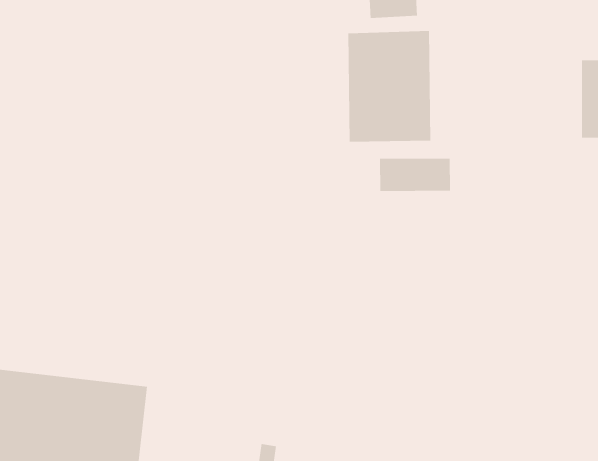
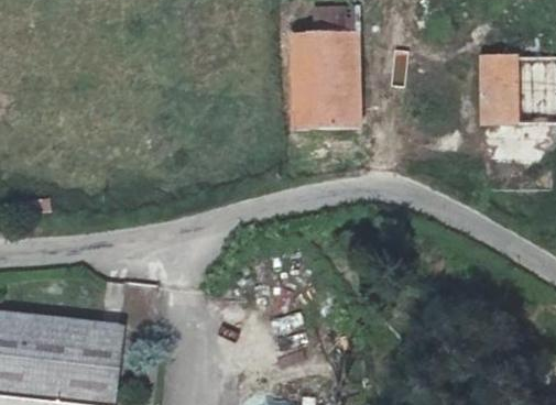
building: [379,158,451,192] -> none

